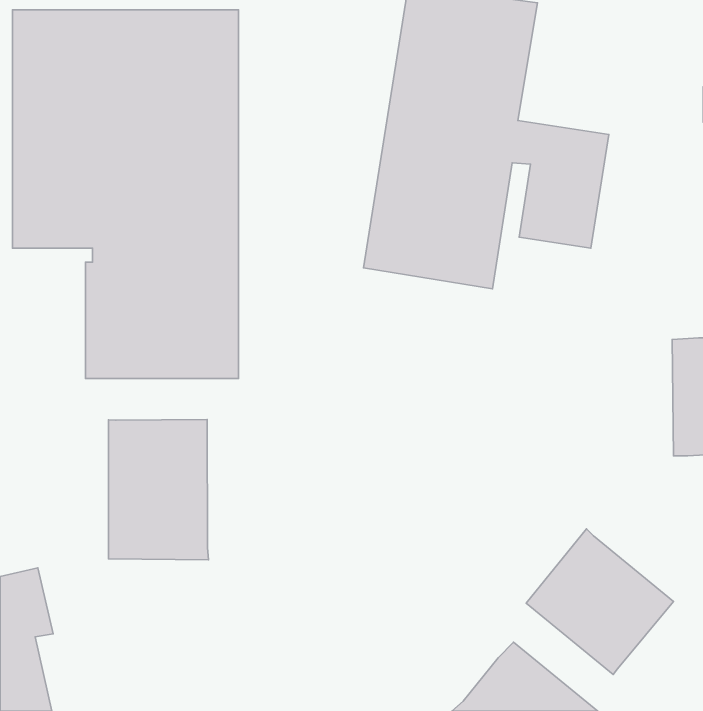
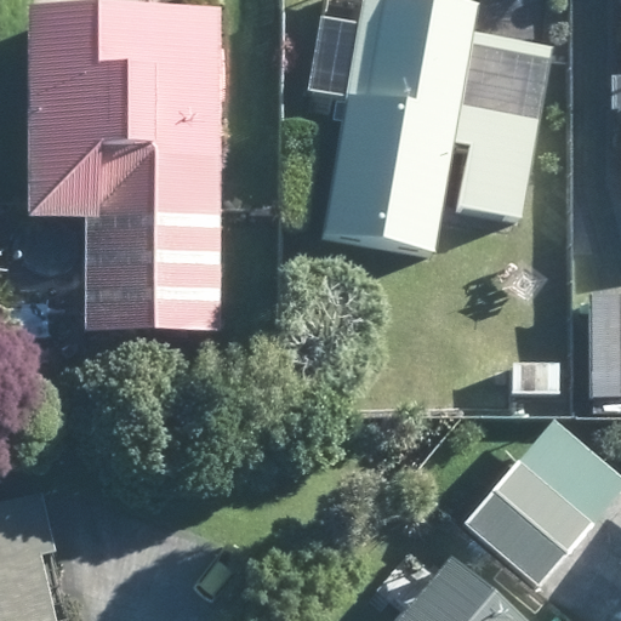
building: [109,420,208,560] -> none

